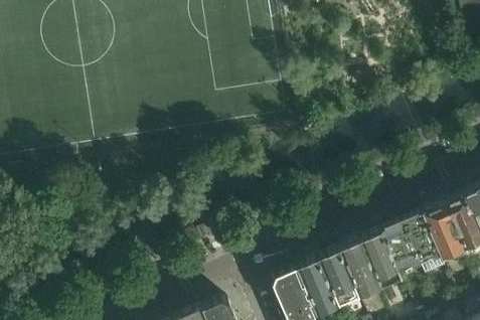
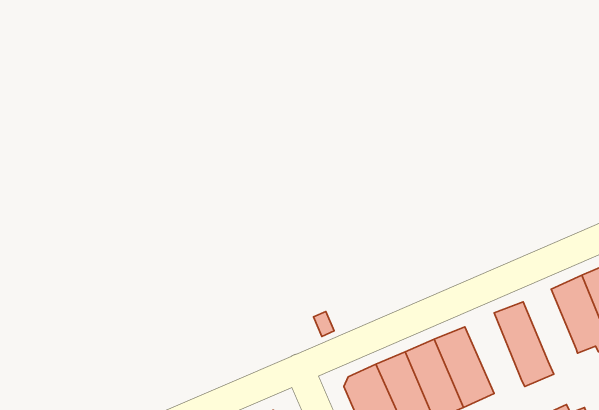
building: [403,213,441,266] -> none
building: [360,230,402,289] -> none

